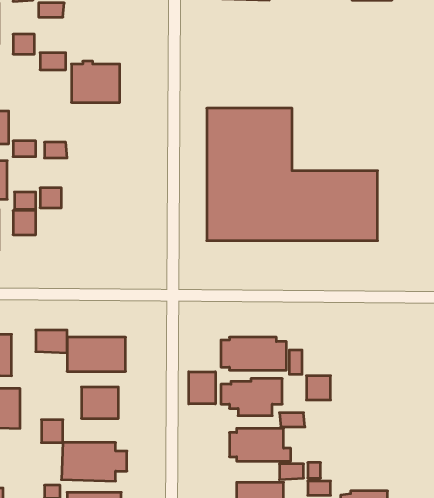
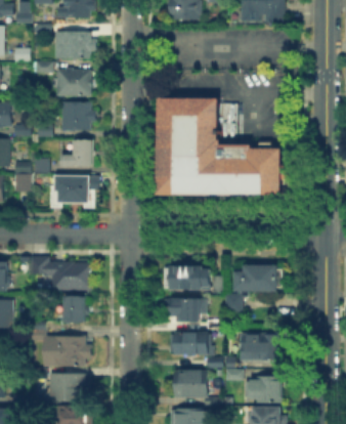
building: none -> [54,31,95,57]
building: none -> [60,101,95,129]
building: none -> [62,138,94,167]
building: none -> [51,174,99,208]
building: none -> [234,263,283,290]
building: [189,372,215,404] -> none
building: none -> [242,332,284,359]

